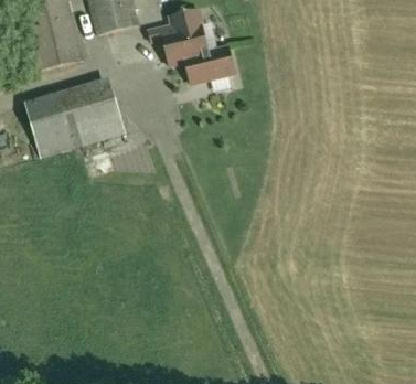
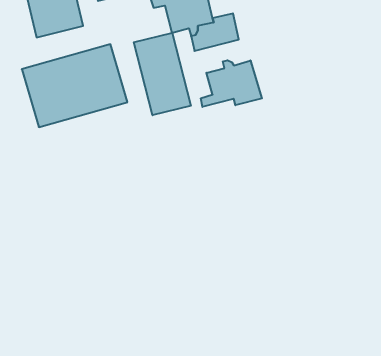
building: none -> [134,33,191,115]
building: none -> [201,60,262,107]

